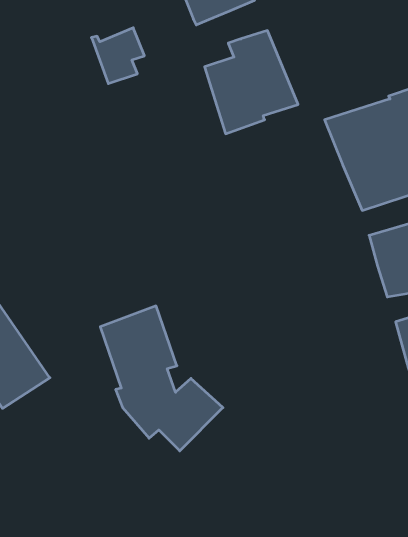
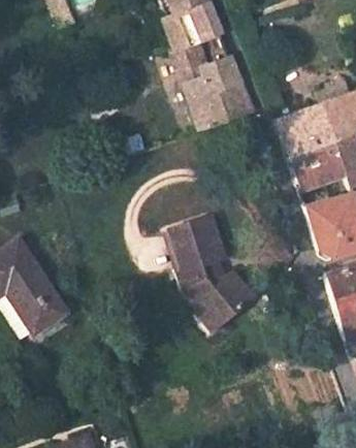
building: [91,28,144,84] -> [171,41,211,83]
building: [100,306,223,451] -> [176,216,267,323]

